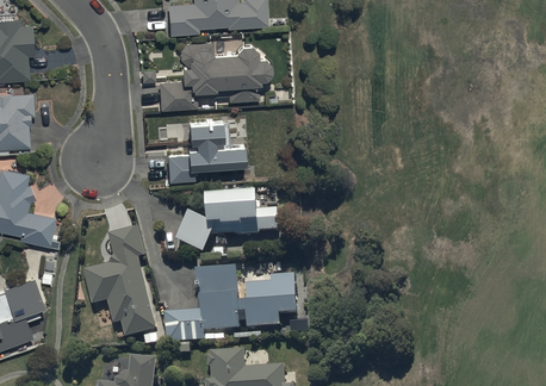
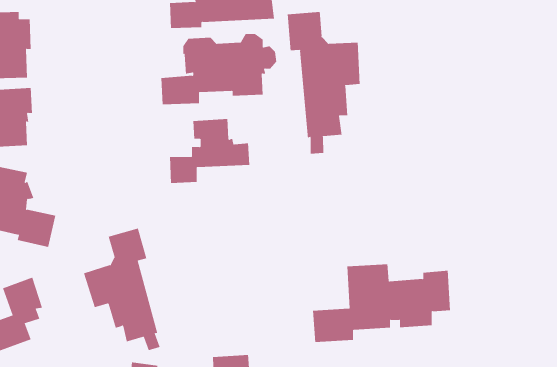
building: none -> [287,11,360,154]
building: [174,187,278,253] -> none
building: [162,266,297,342] -> [312,264,451,343]

